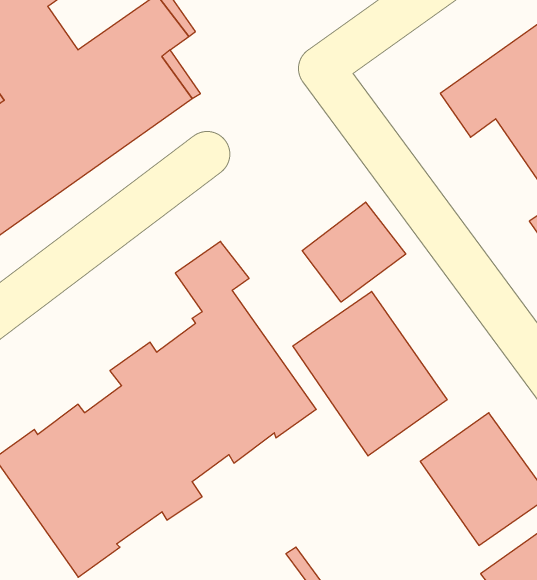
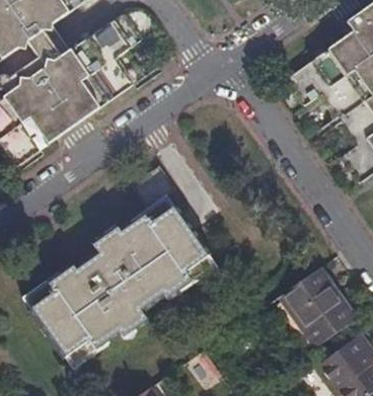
building: [302,202,406,302] -> none
building: [293,291,447,456] -> none

